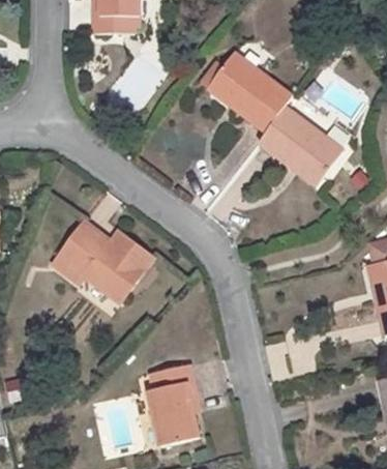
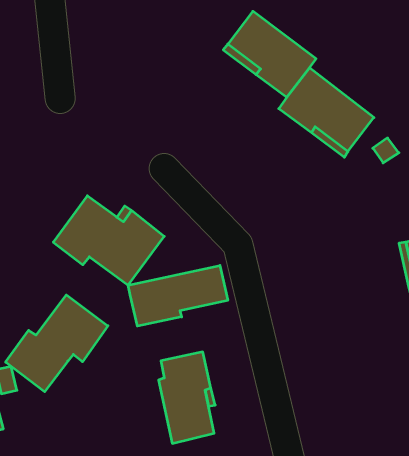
building: none -> [128,265,228,326]
building: none -> [6,295,108,392]

